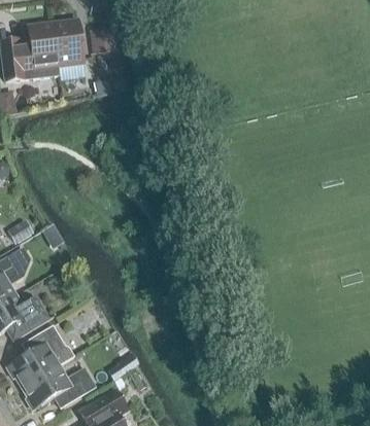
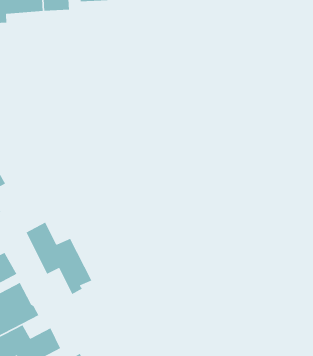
building: none -> [26,222,93,295]

